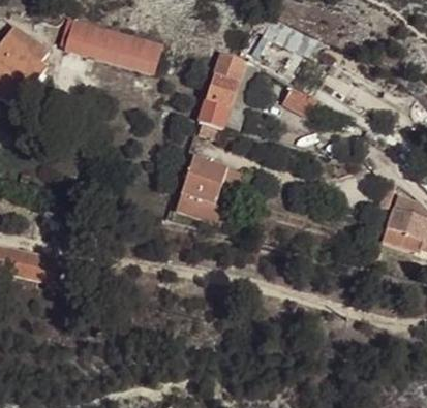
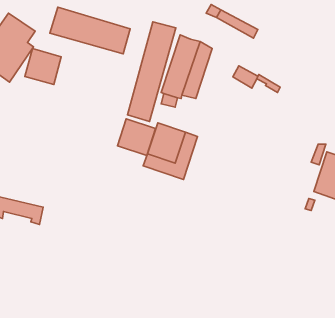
building: none -> [127,22,176,121]
building: none -> [25,49,61,85]
building: none -> [118,119,156,156]

